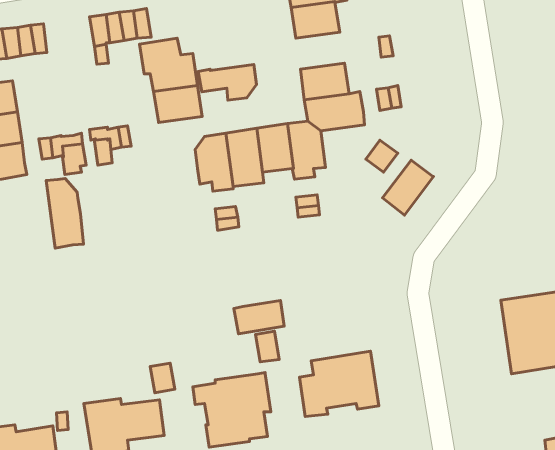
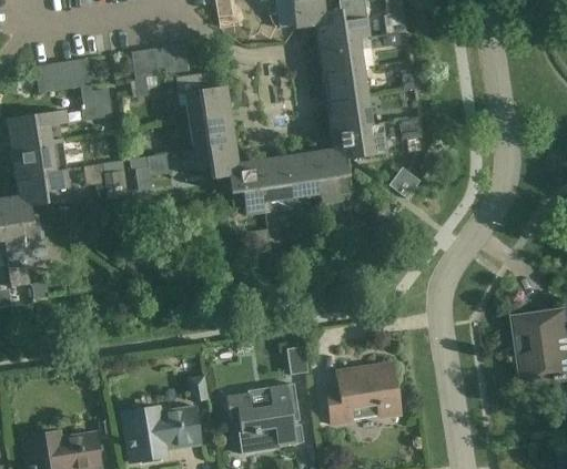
building: none -> [323,65,368,100]
building: none -> [80,84,112,120]
building: [198,64,256,100] -> [183,144,237,177]
building: [383,160,434,215] -> none
building: [46,178,84,248] -> none
building: [234,300,284,334] -> none

